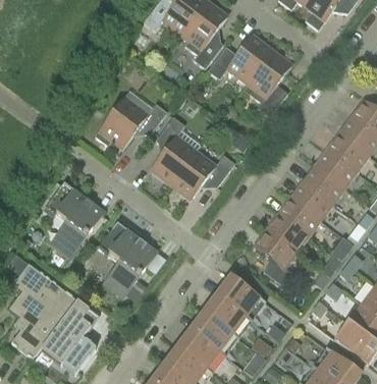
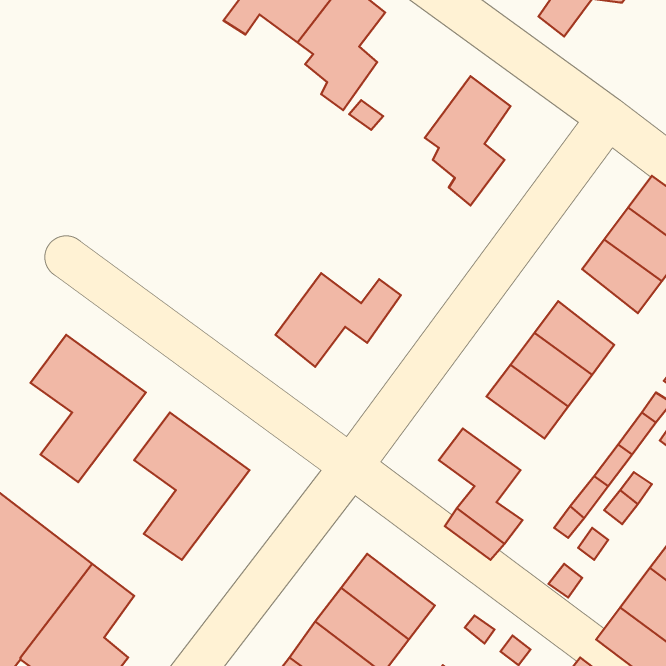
building: [227,36,270,81] -> none
building: [95,98,166,148] -> none
building: [151,116,194,182] -> none
building: [315,149,356,187] -> none
building: [266,214,308,252] -> none
building: [217,276,265,321] -> none

